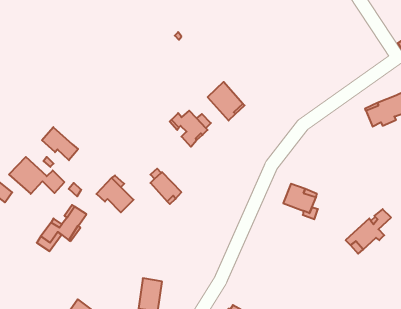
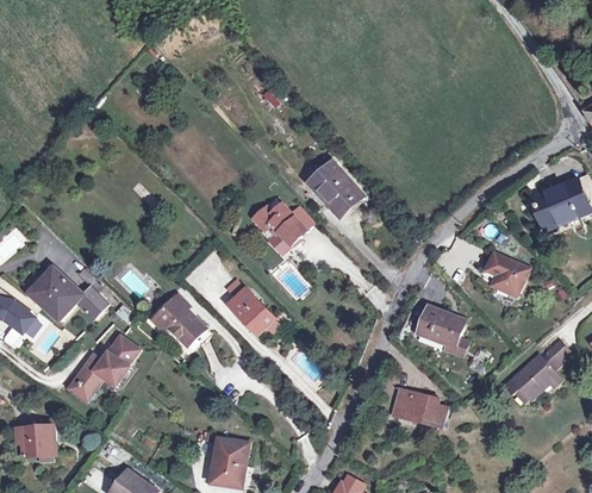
building: [42,127,78,160] -> none
building: none -> [487,254,526,295]
building: none -> [393,388,445,428]
building: none -> [21,425,55,456]

